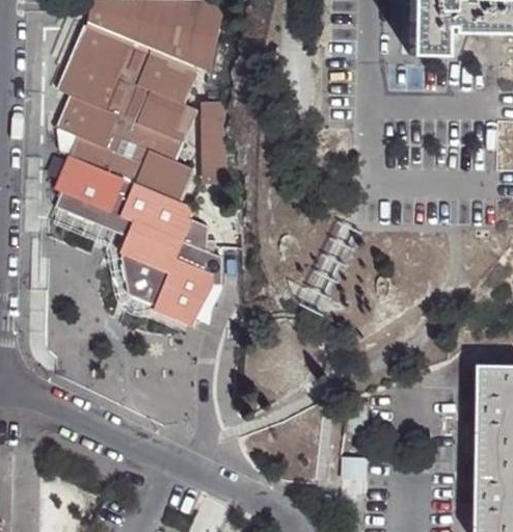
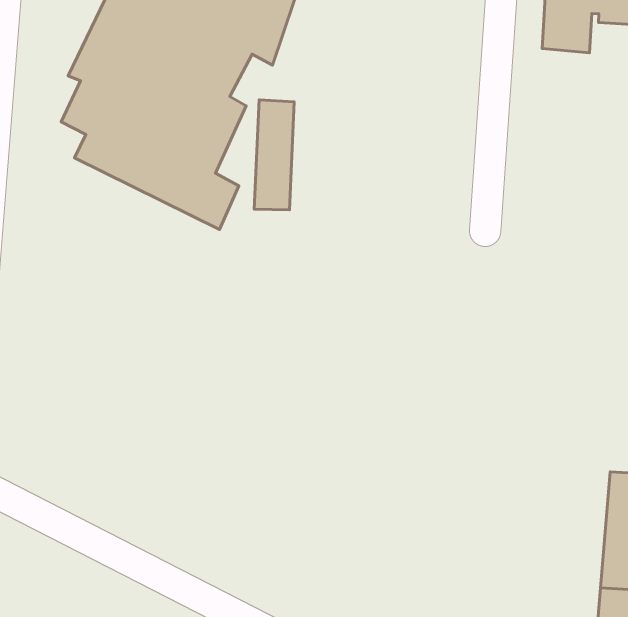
building: [55,159,227,332] -> none

